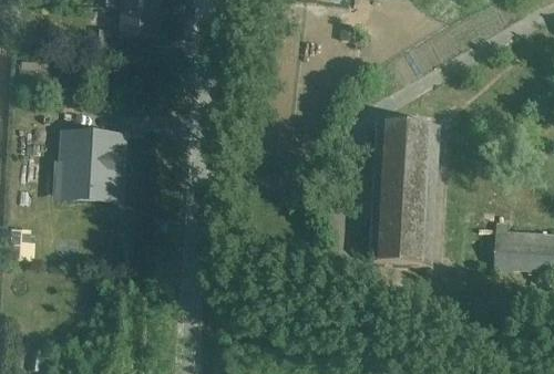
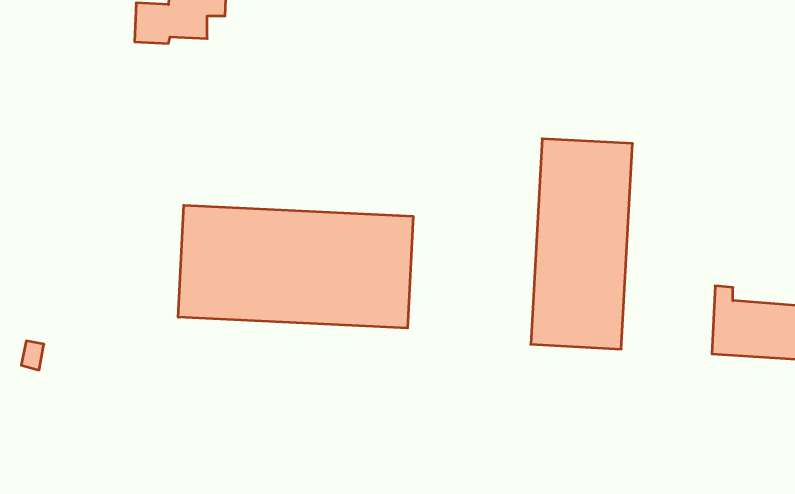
building: [65,137,115,191] -> none
building: none -> [178,205,413,328]

